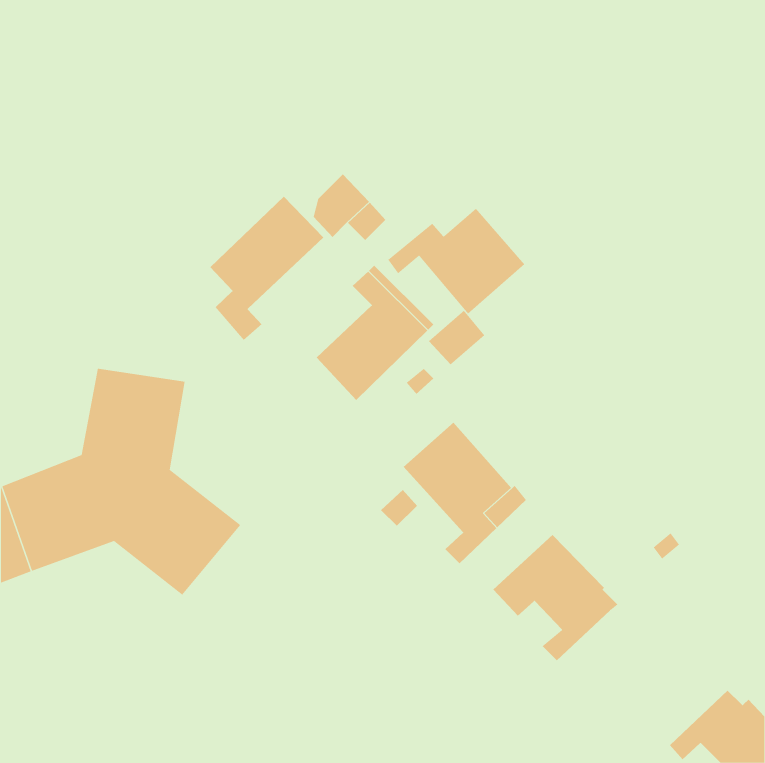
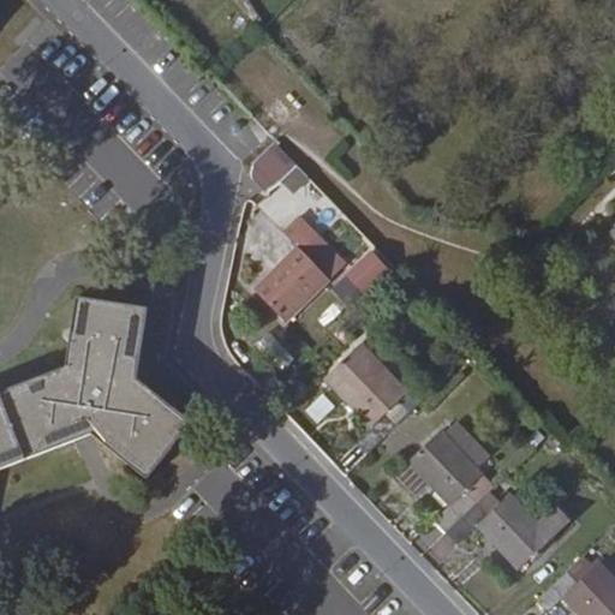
building: [209,196,324,341] -> none
building: [387,208,525,315] -> none
building: none -> [447,490,572,569]

